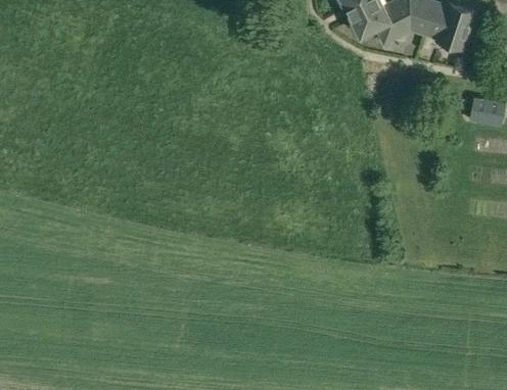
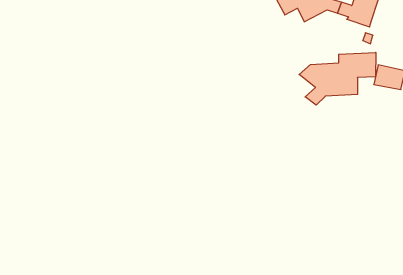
building: none -> [299,52,376,105]

